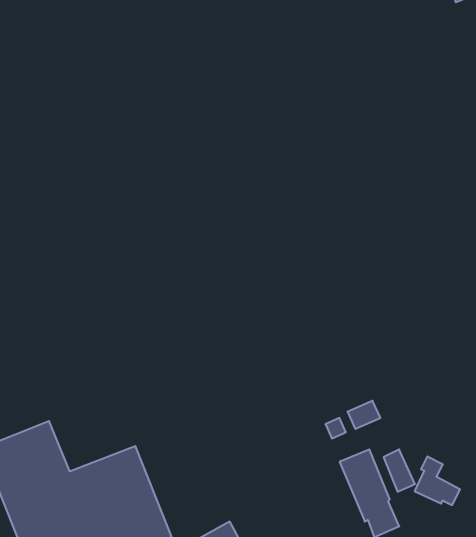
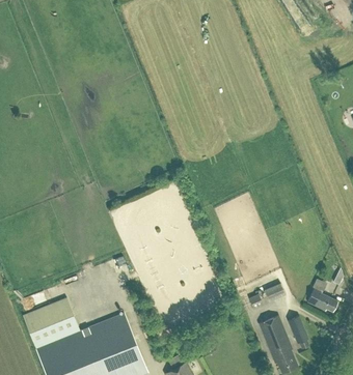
building: [415,456,460,505] -> [307,280,337,312]

